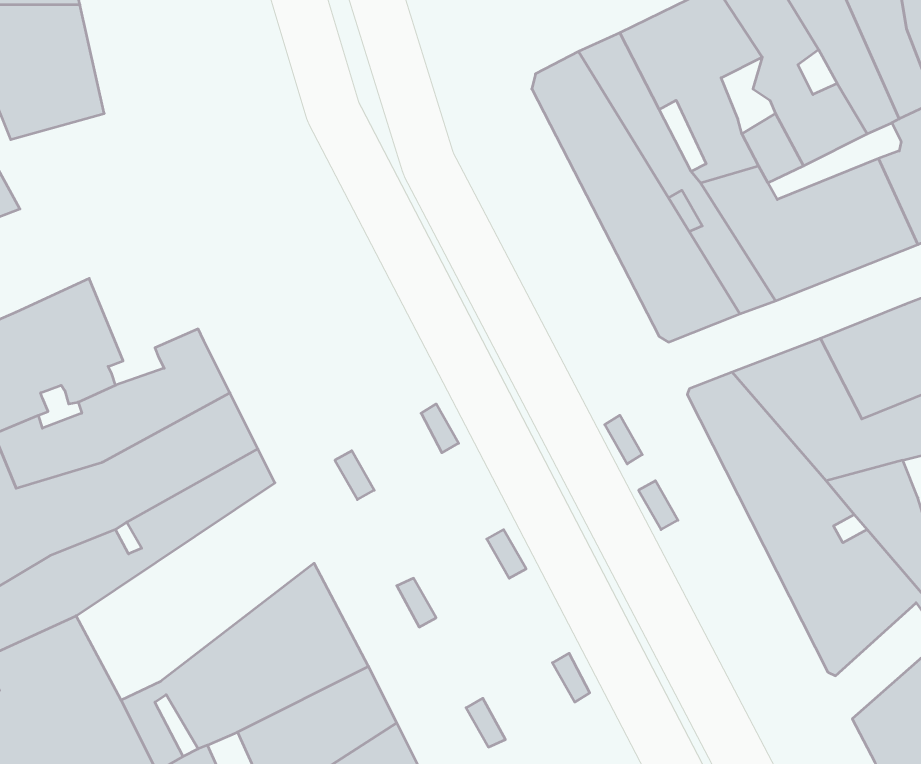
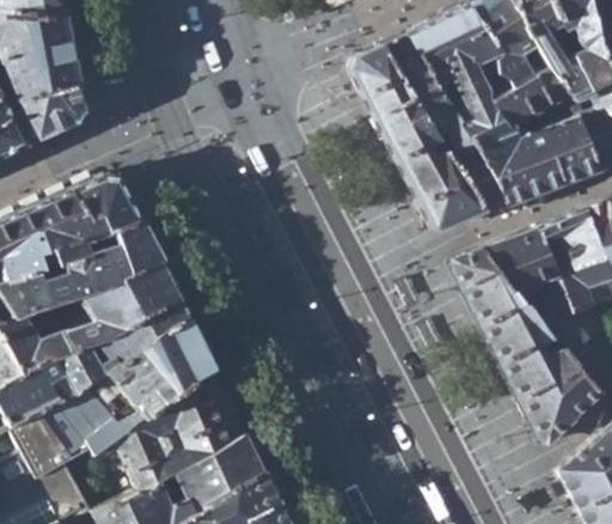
building: none -> [19,85,85,140]
building: none -> [69,175,139,243]
building: none -> [61,321,213,459]

